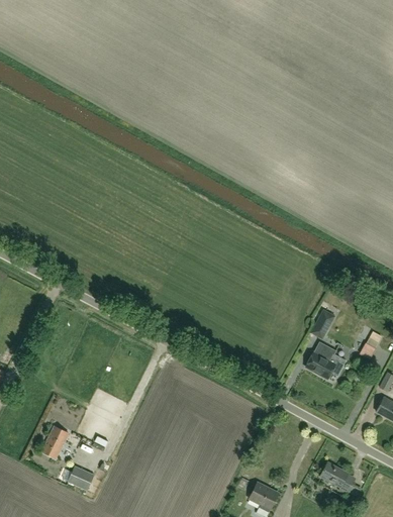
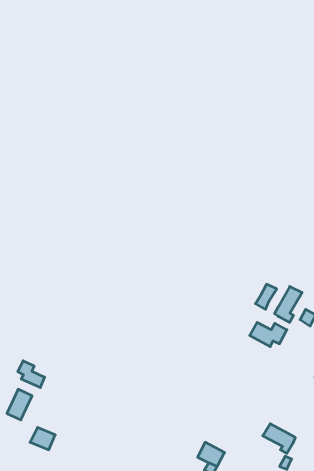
building: none -> [275,286,302,322]
building: none -> [18,361,45,388]

